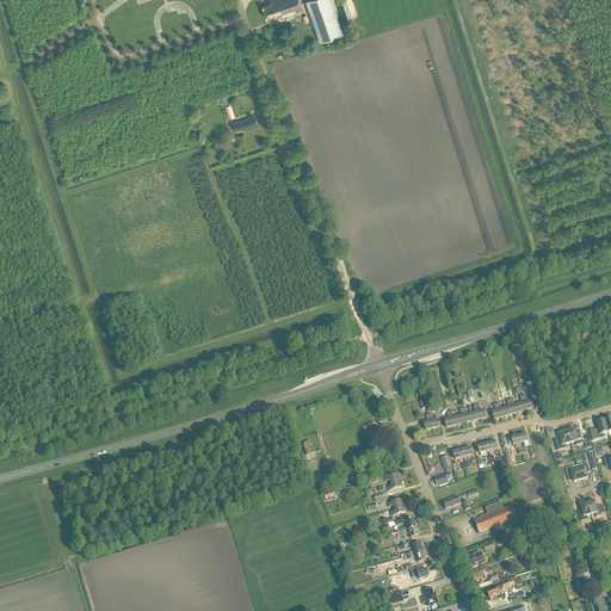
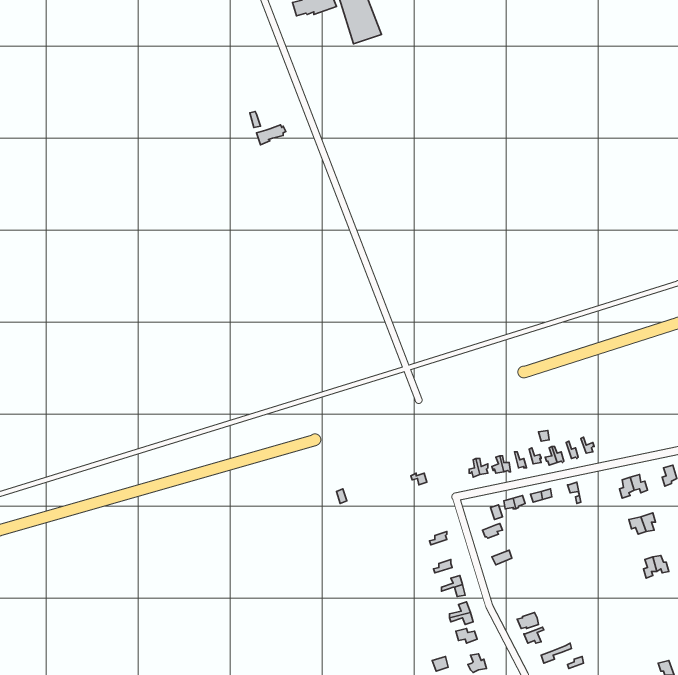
building: [474,500,512,530] -> none

